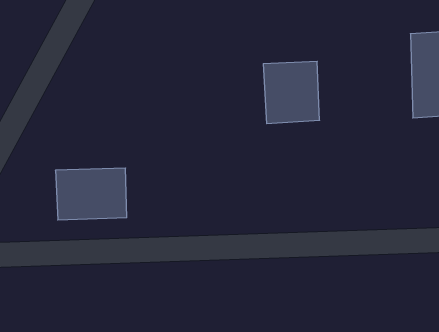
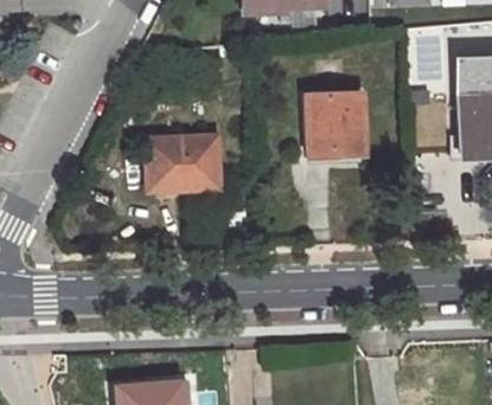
building: [55,168,127,220] -> [143,136,217,189]

